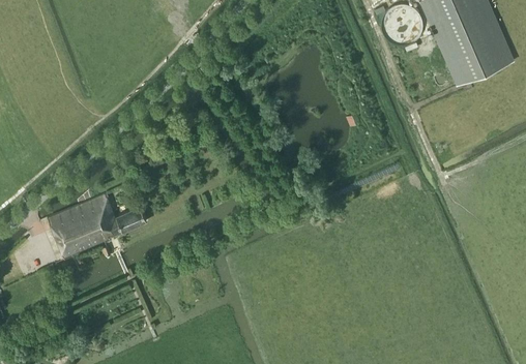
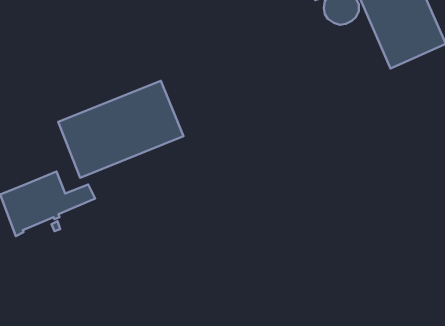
building: none -> [58,81,183,178]

